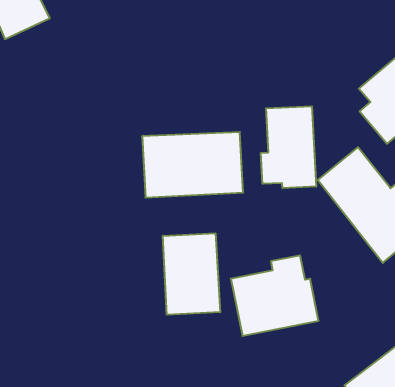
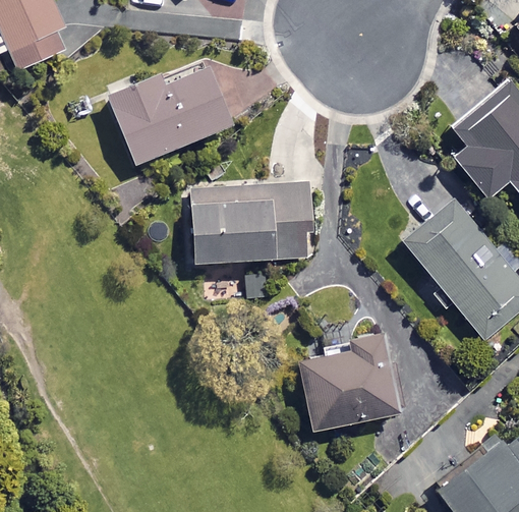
building: none -> [109,65,231,165]
building: [261,106,316,188] -> none
building: [163,233,220,315] -> none

